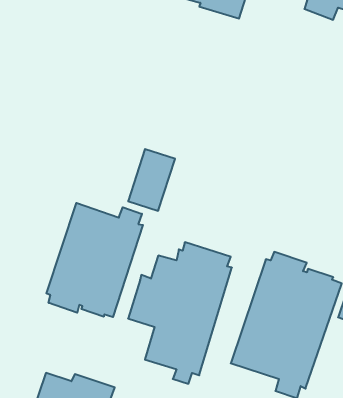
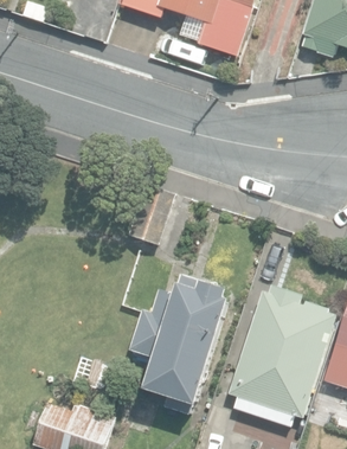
building: [46,203,143,317] -> none

